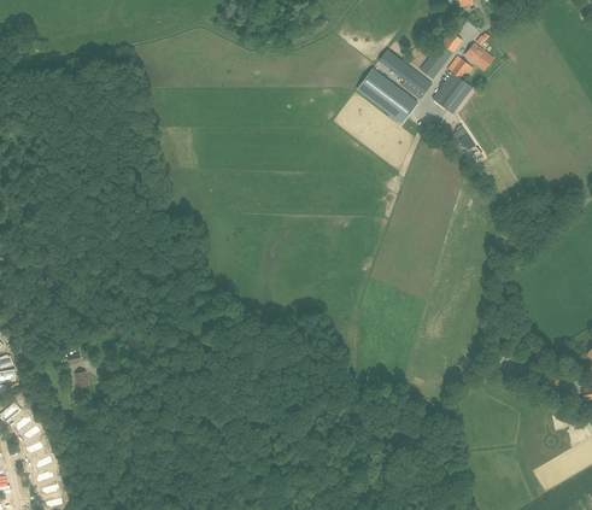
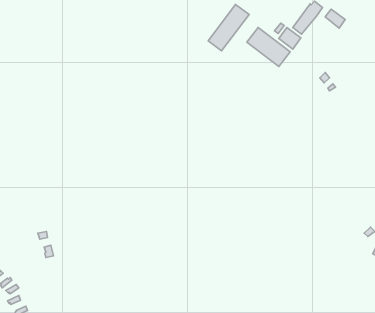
building: none -> [208,4,249,51]
building: [433,55,470,109] -> none

